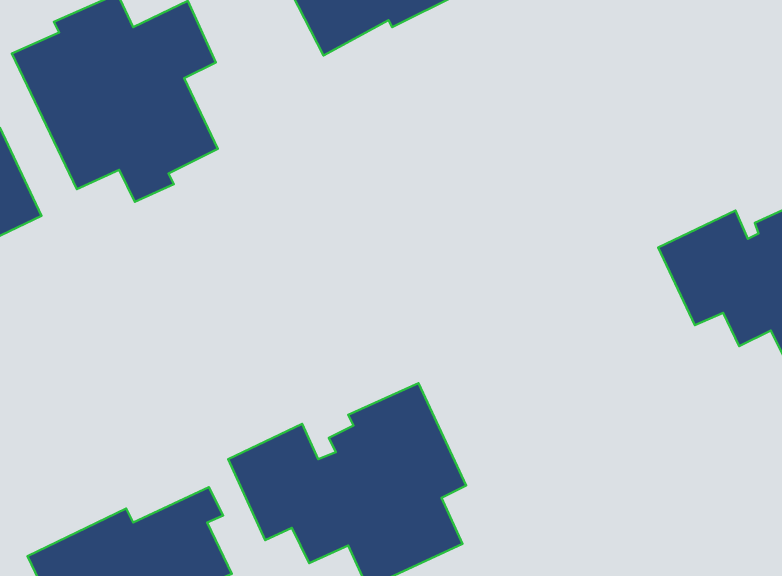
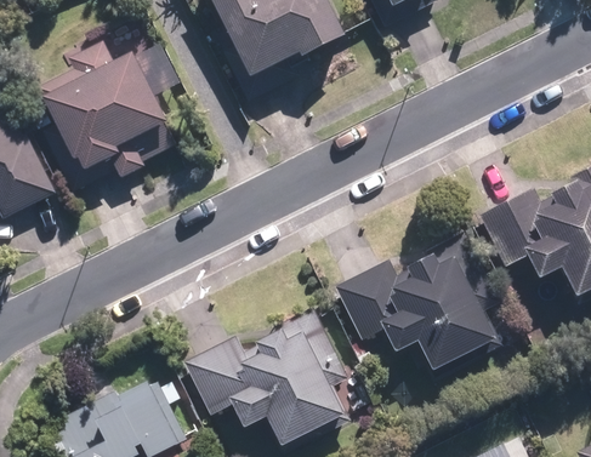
building: none -> [336,253,500,373]

